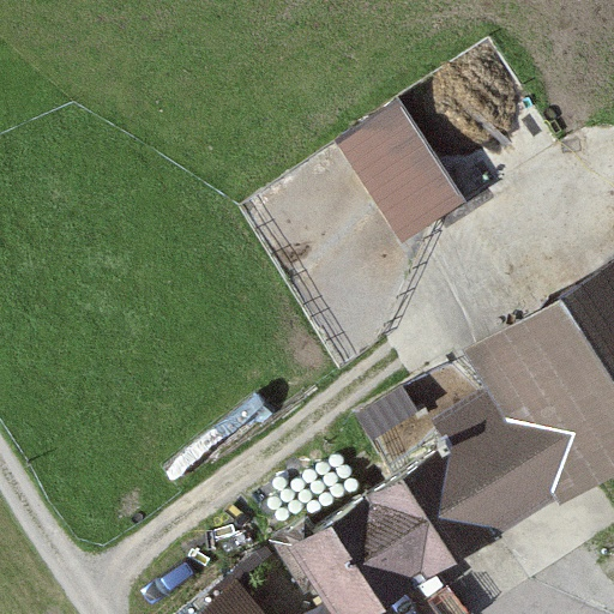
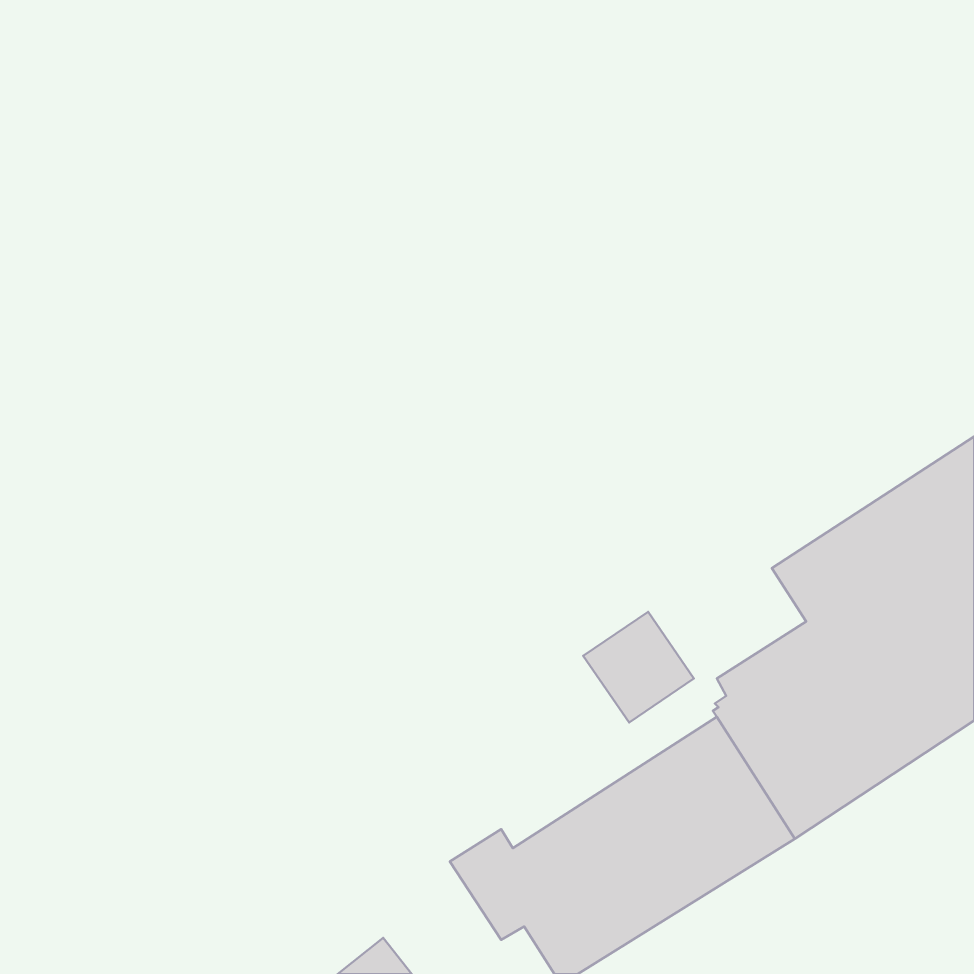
building: [337,100,465,241] -> none

